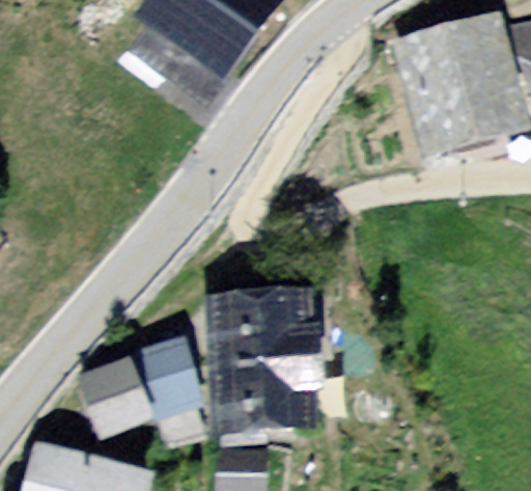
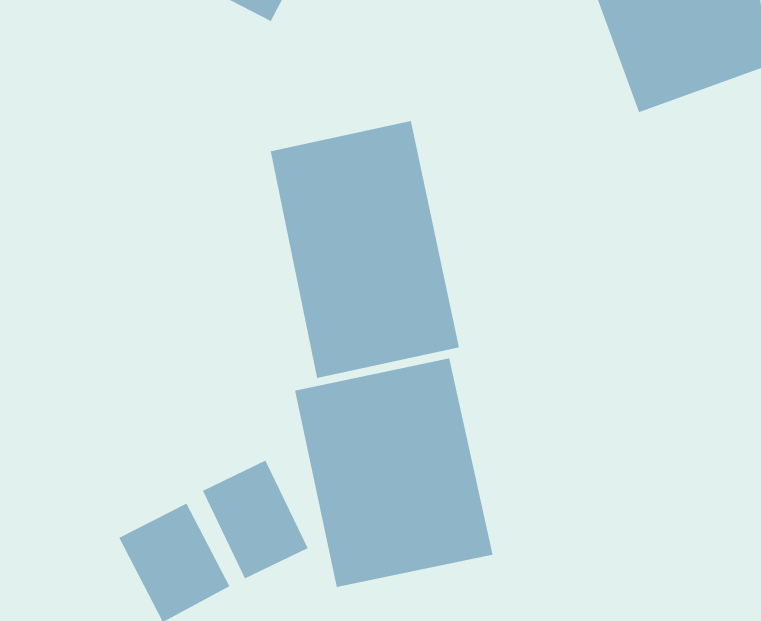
building: none -> [270,120,460,379]

